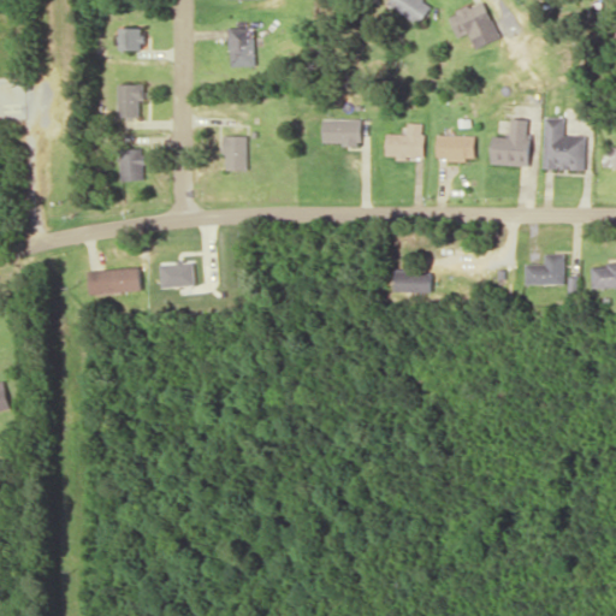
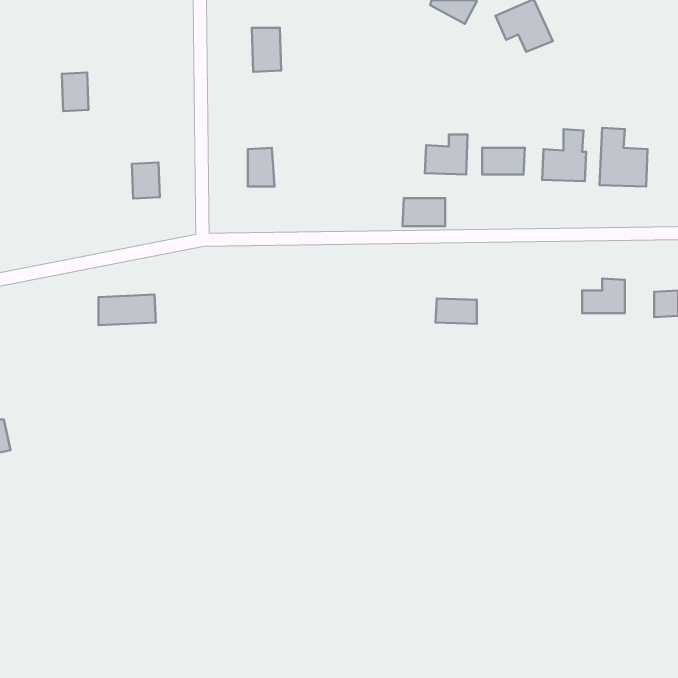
building: [118,28,142,51] -> none
building: [118,84,142,119] -> [62,72,88,111]
building: [321,120,360,146] -> [403,198,445,226]
building: [160,263,194,288] -> none

